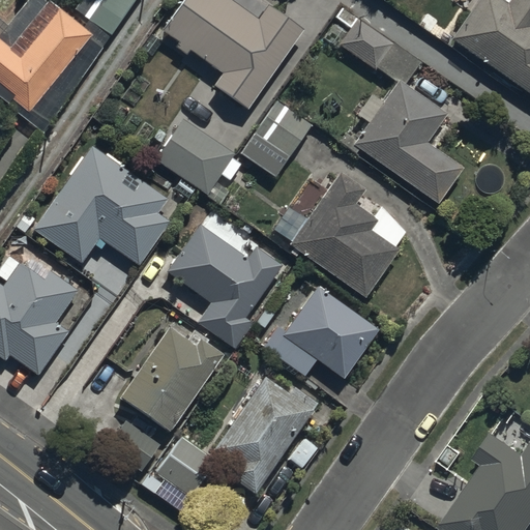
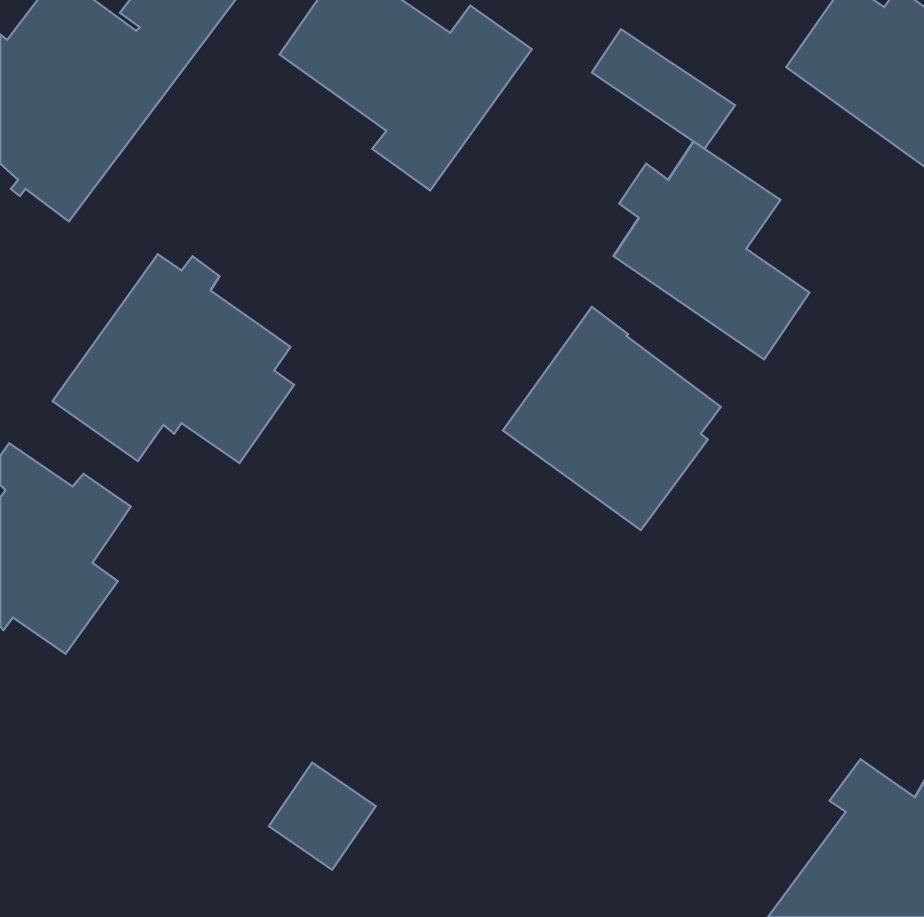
building: [242,100,312,175] -> none
building: [154,118,239,194] -> none
building: [166,224,282,348] -> none
building: [260,287,377,377] -> none
building: [107,326,224,471] -> none
building: [213,377,318,495] -> none

